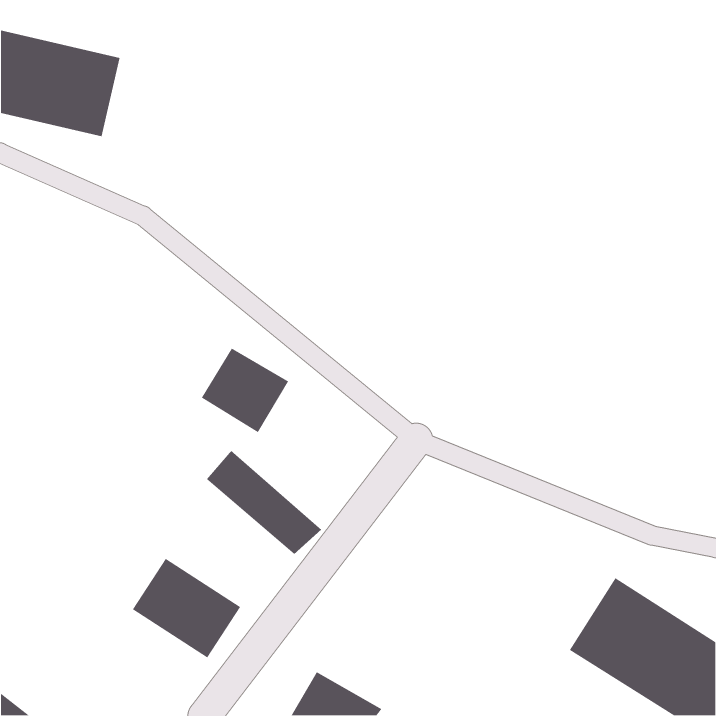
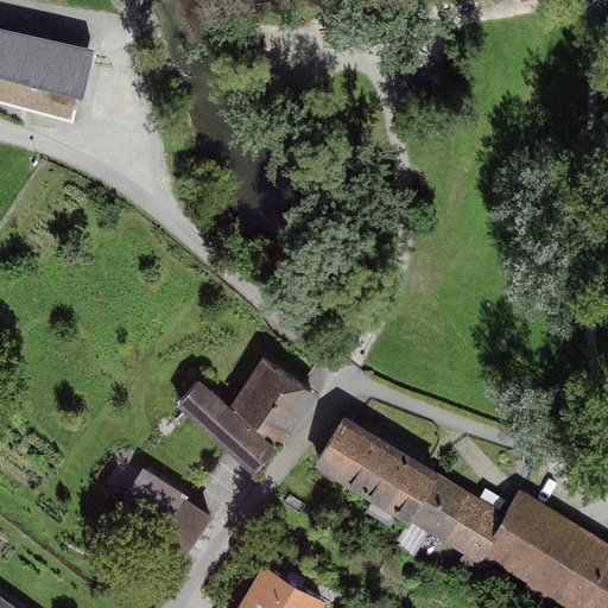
building: [201,348,289,433] -> [235,365,310,437]
building: none -> [314,418,432,518]
building: none -> [416,477,498,553]

